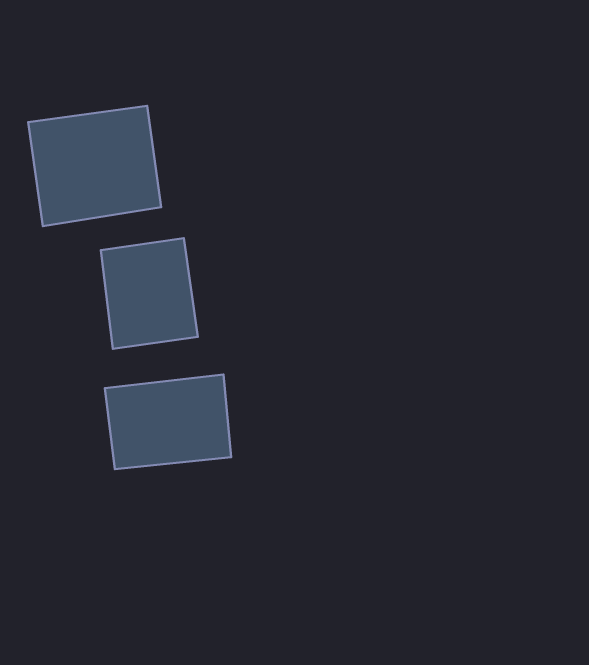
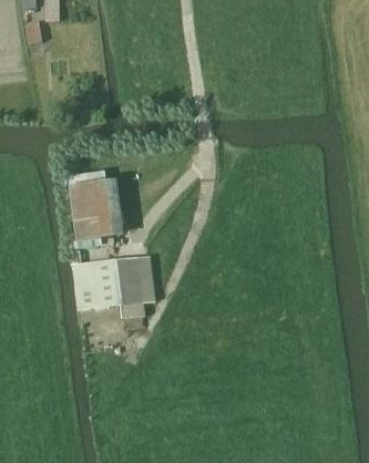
building: [28,106,161,226] -> none

